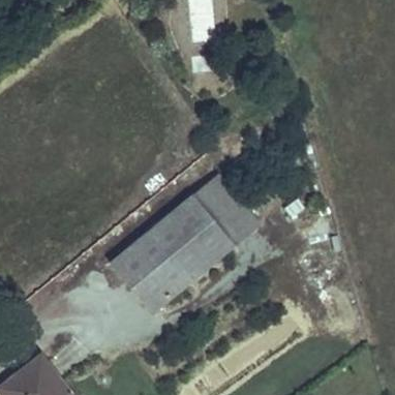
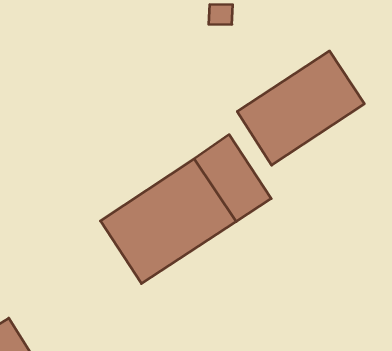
building: none -> [237,51,364,165]

